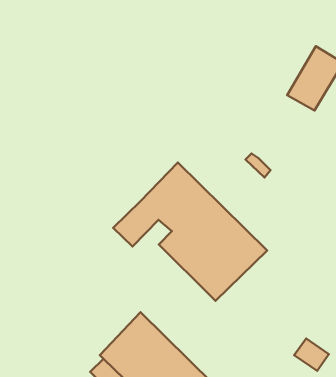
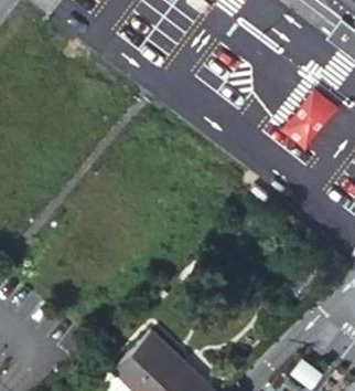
building: [113,163,267,301] -> none

